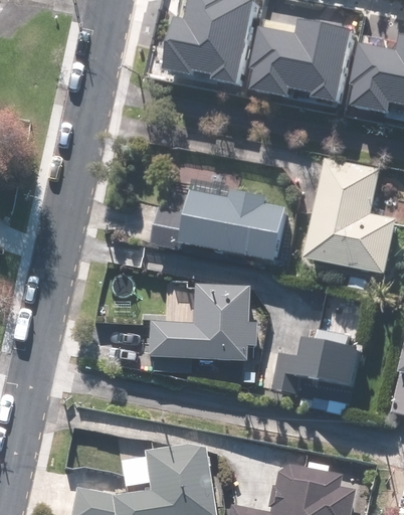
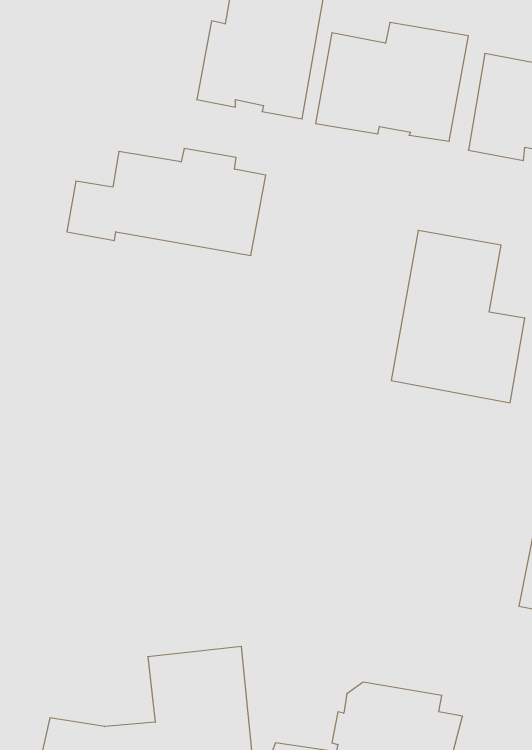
building: [152,190,286,263] -> [67,149,266,255]
building: [145,281,253,362] -> none
building: [270,340,359,411] -> none

